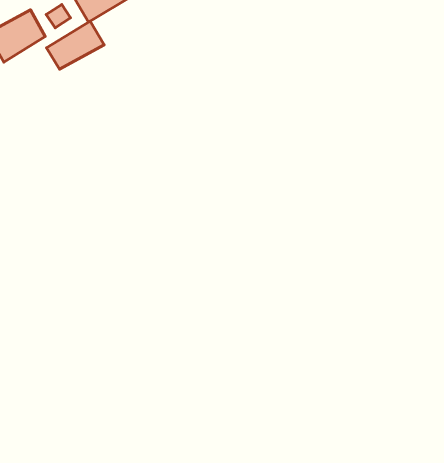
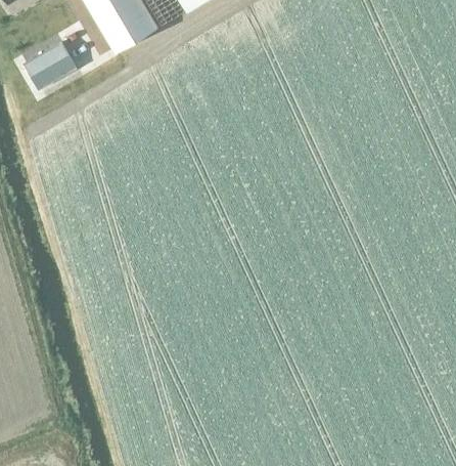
building: [46,21,104,69] -> none

